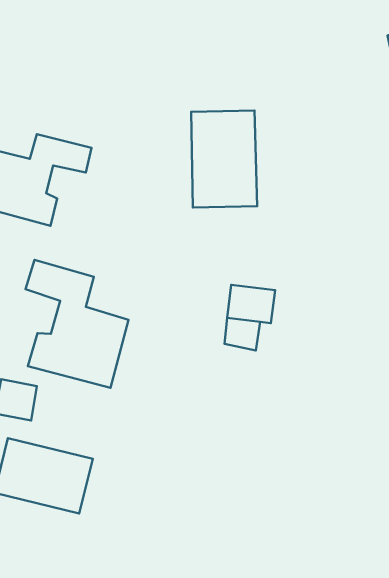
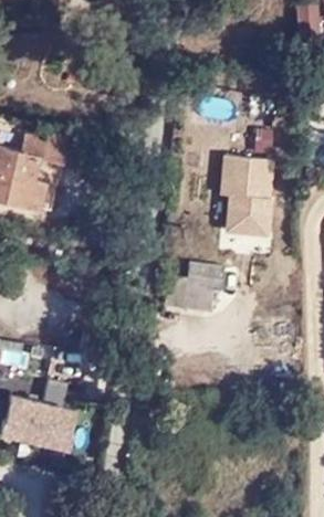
building: [191,110,257,208] -> [218,152,271,231]
building: [25,260,129,388] -> none

